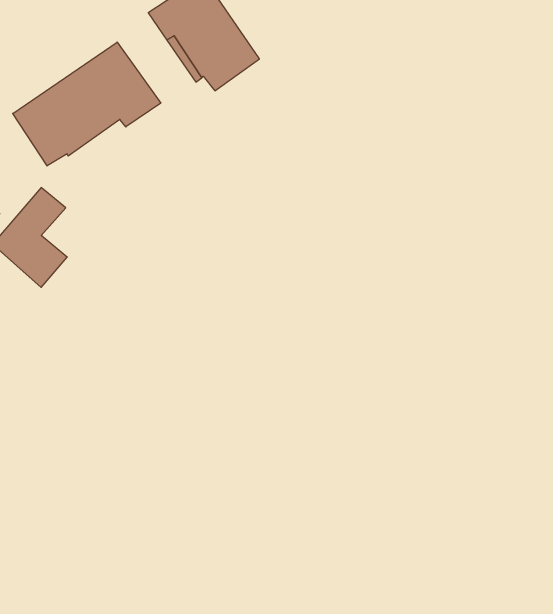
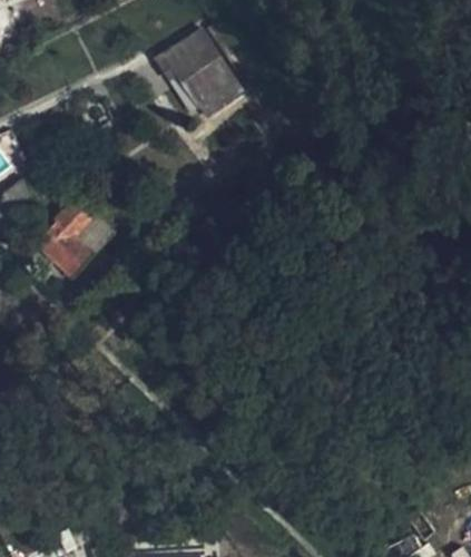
building: [13,42,161,166] -> none

